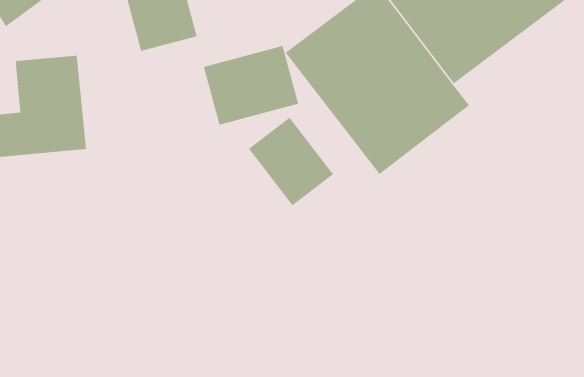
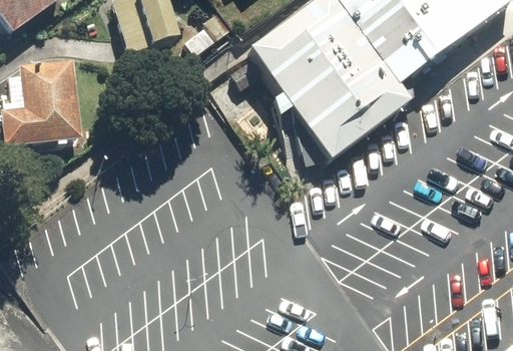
building: [203,45,299,125] -> none
building: [248,117,334,206] -> none

